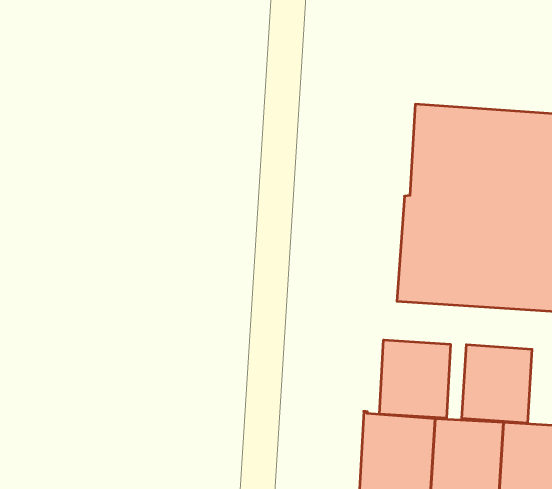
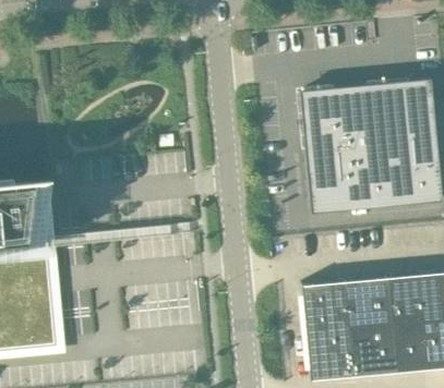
building: [380,340,450,418] -> none
building: [462,345,532,423] -> none

